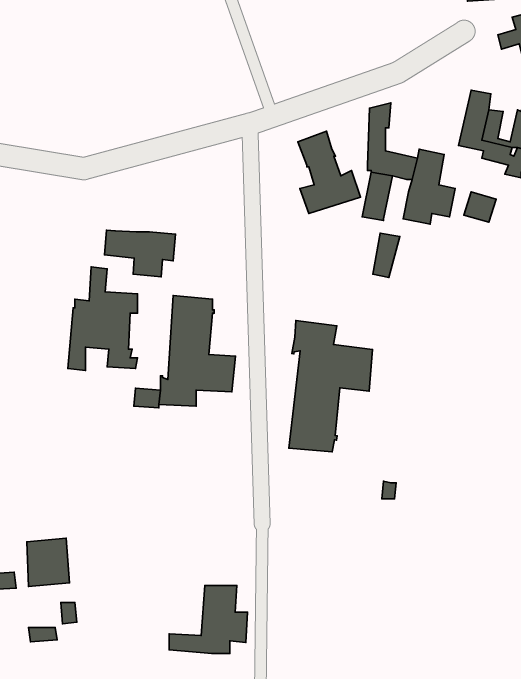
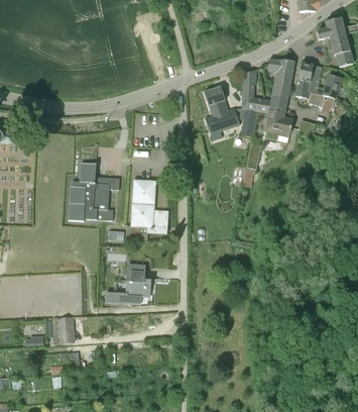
building: none -> [267,59,293,98]
building: [105,230,175,277] -> none
building: [289,320,373,452] -> none
building: [169,586,248,653] -> [106,264,150,302]

